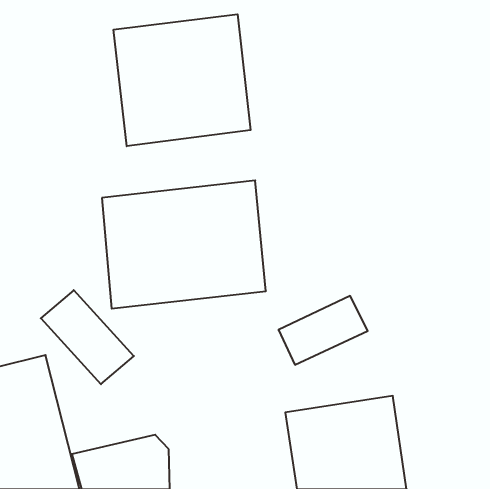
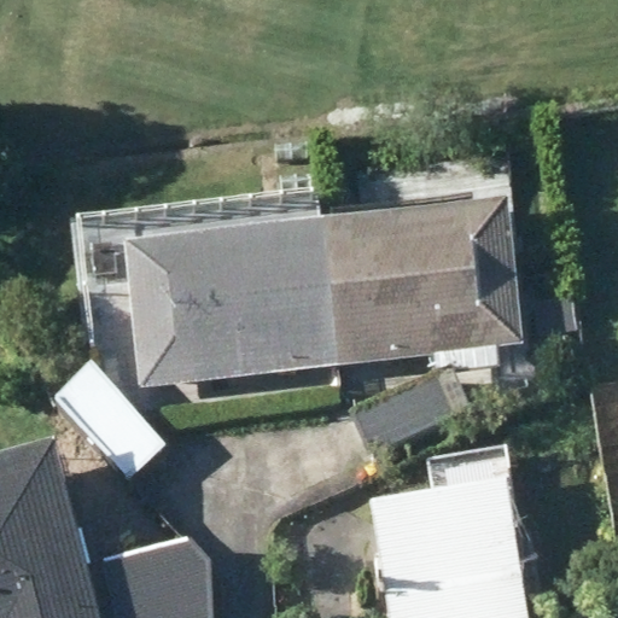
building: [114,14,251,146] -> none
building: none -> [317,203,523,362]

